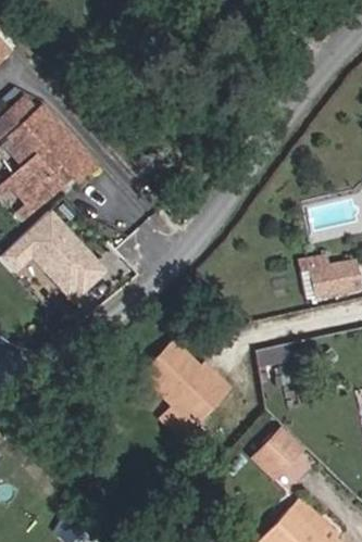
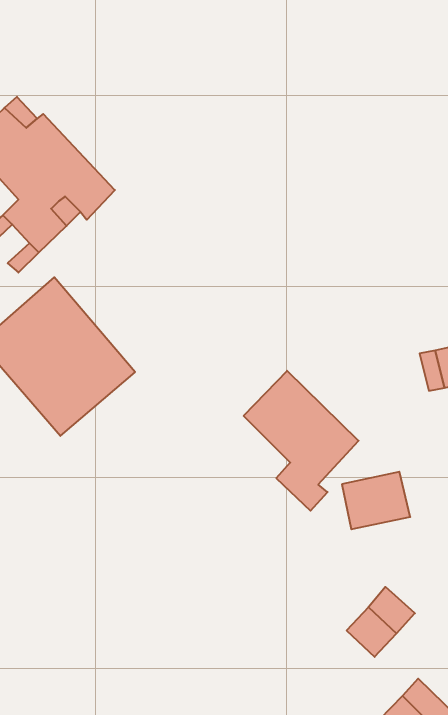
building: [148,346,228,444] -> [244,371,359,511]

